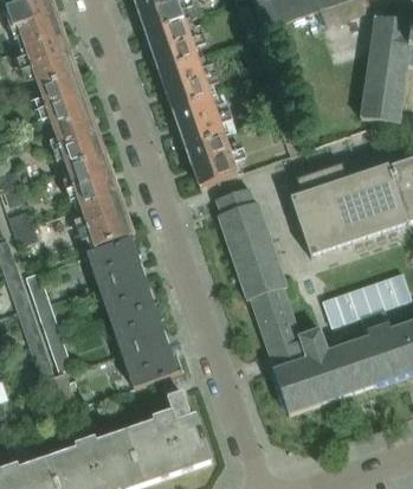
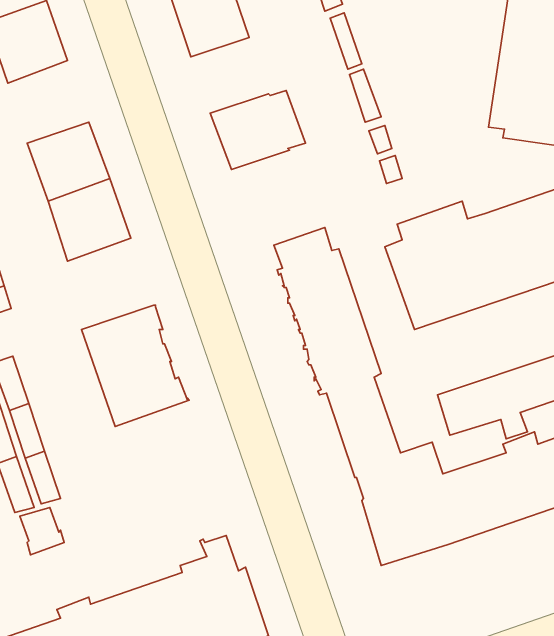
building: [159,57,211,108] -> none
building: [36,72,90,128] -> none
building: [185,133,238,186] -> none
building: [76,192,131,246] -> none
building: [108,301,181,386] -> none

